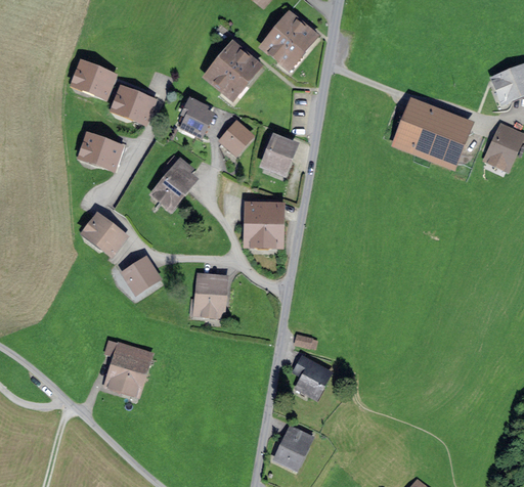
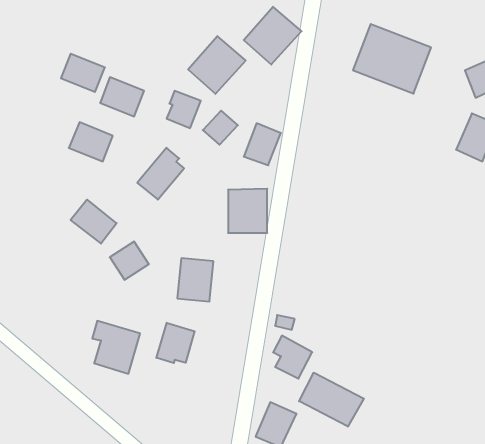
building: [392,97,474,170] -> [353,24,431,94]
building: none -> [156,323,195,363]
building: none -> [299,373,364,427]

